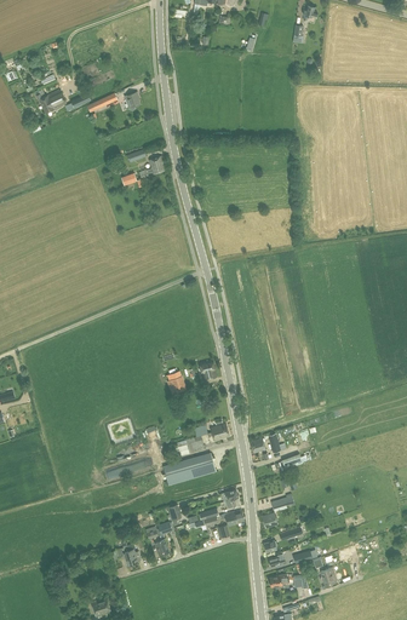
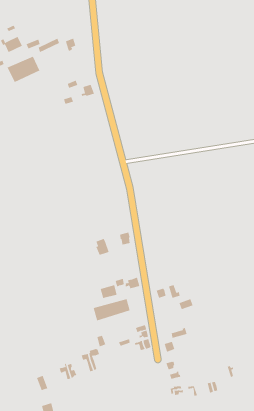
building: none -> [7,56,40,83]

